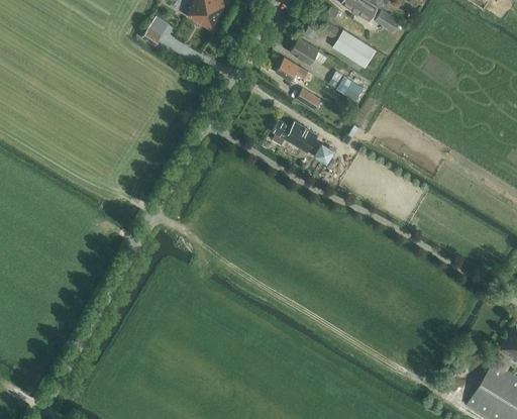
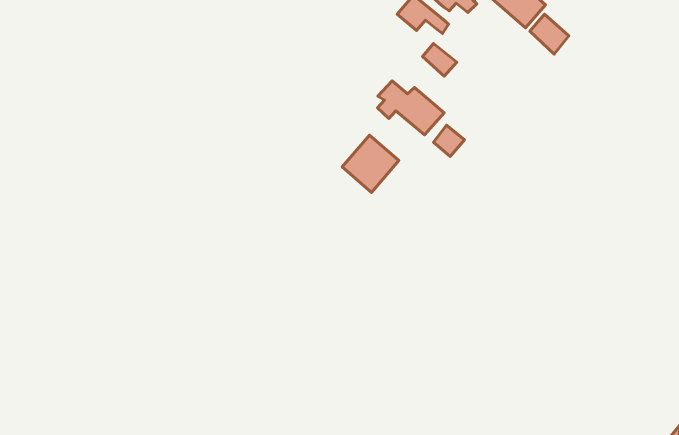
building: [336,76,364,102] -> [530,14,569,54]
building: none -> [342,135,399,192]

